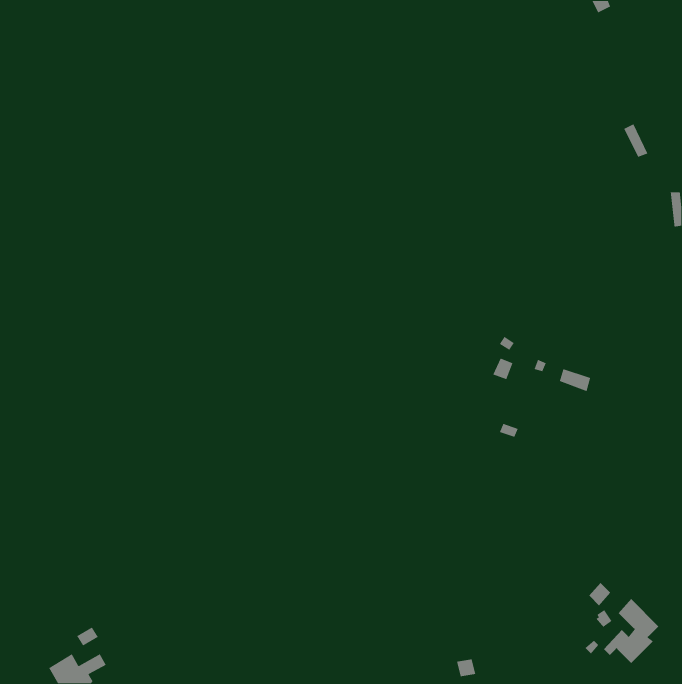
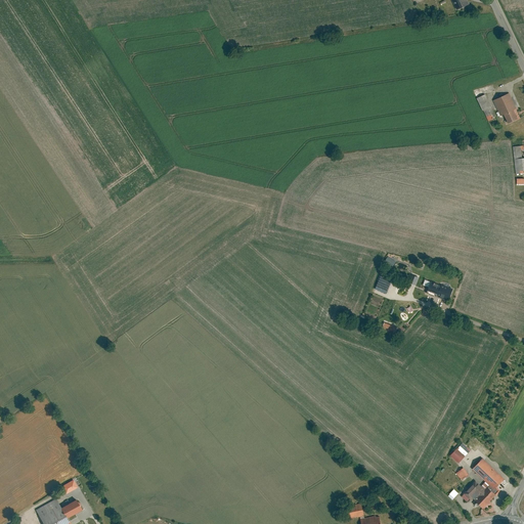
building: none -> [493,93,518,124]

